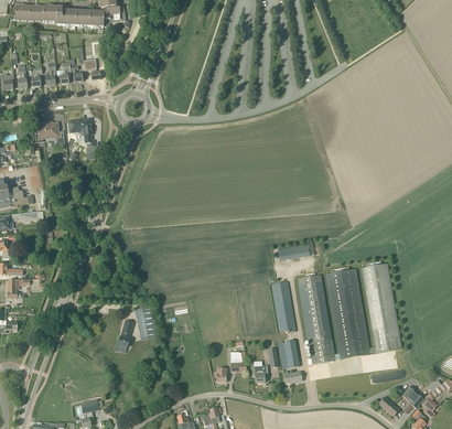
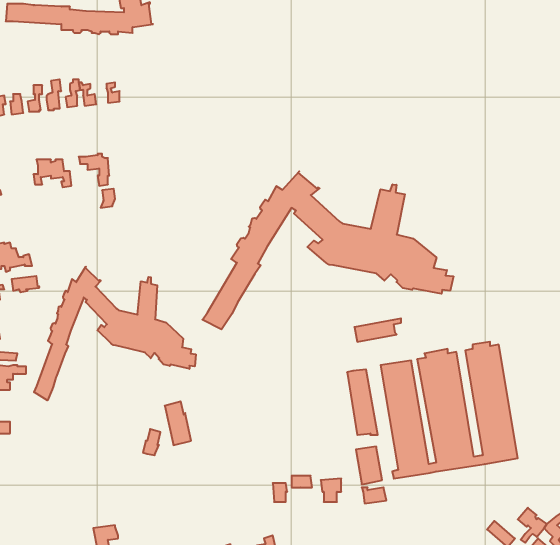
building: none -> [202,171,453,329]
building: none -> [34,267,196,400]

